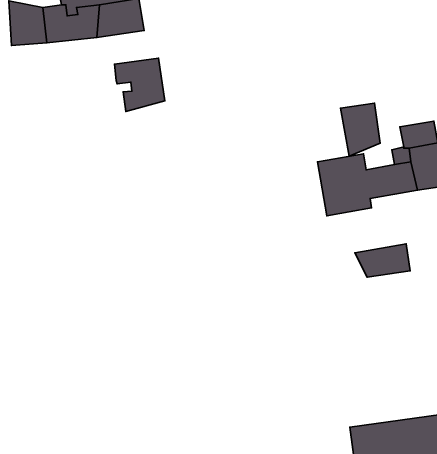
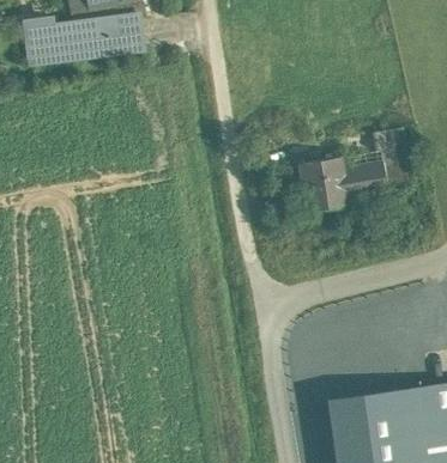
building: [115,58,165,112] -> none
building: [341,103,380,156] -> none
building: [355,244,410,277] -> none

